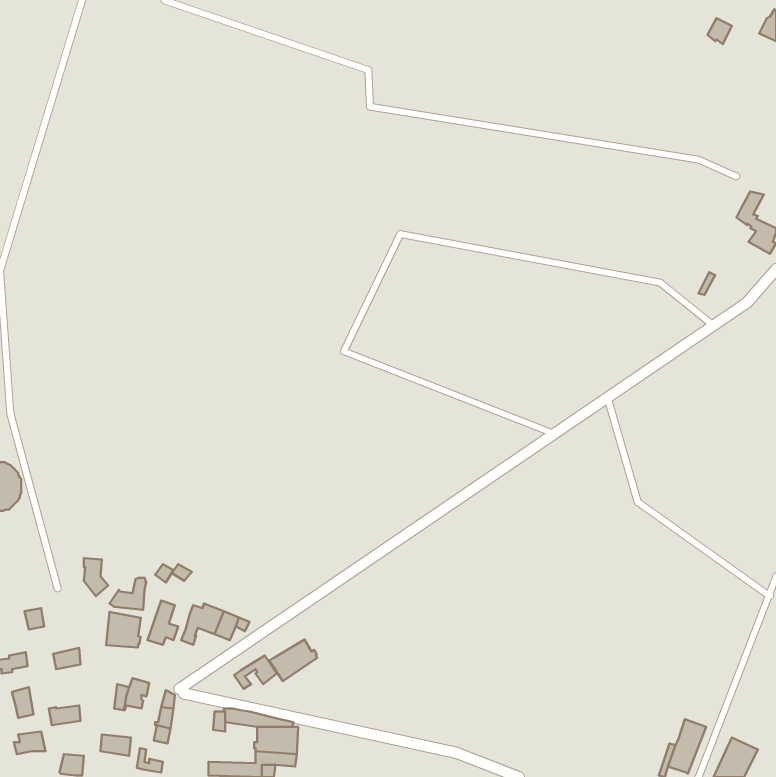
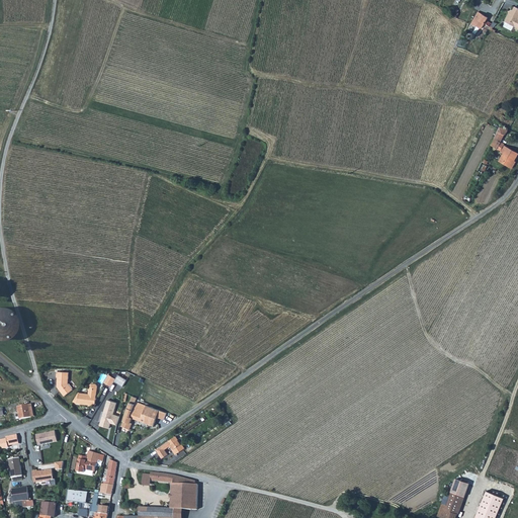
building: [106,612,141,647] -> none
building: [269,639,317,681] -> none

